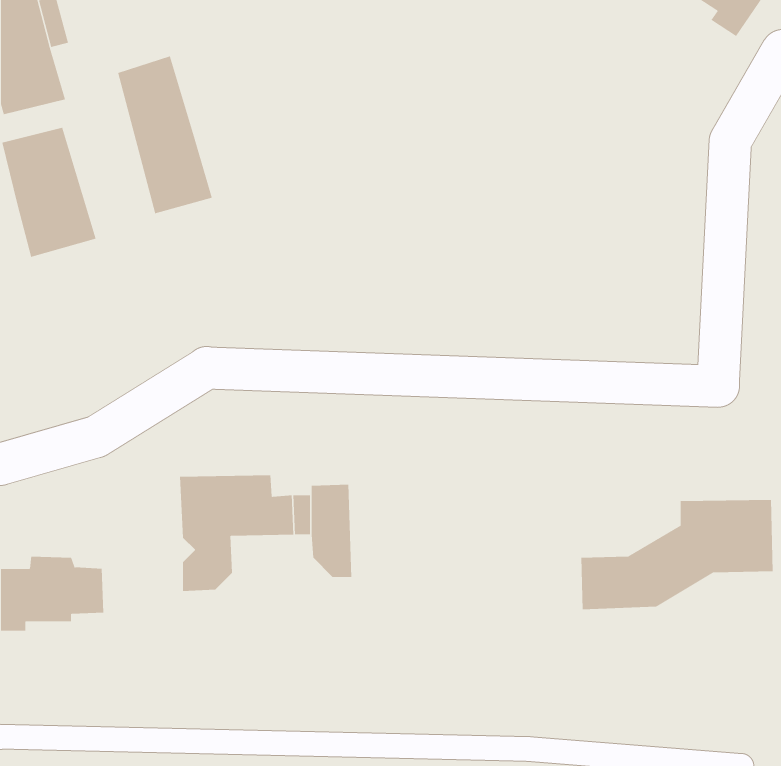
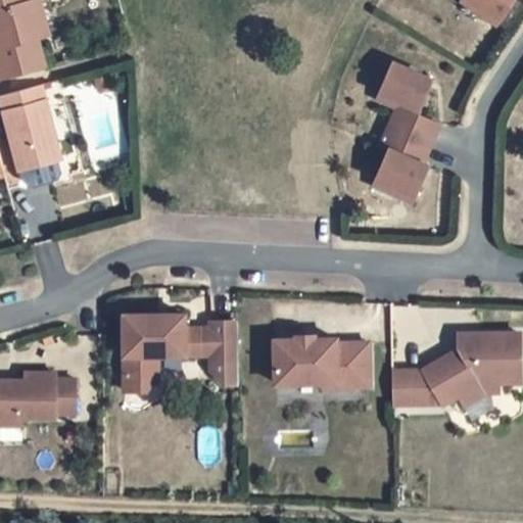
building: [117,56,212,214] -> none
building: none -> [373,63,435,202]
building: none -> [274,338,370,390]

